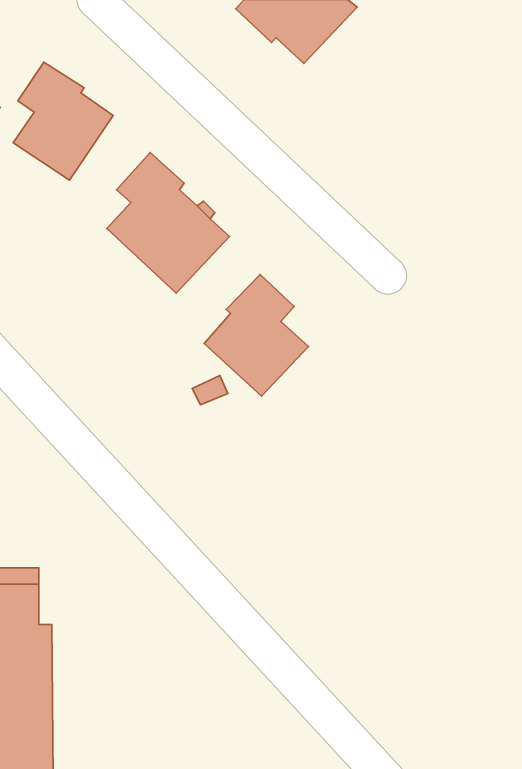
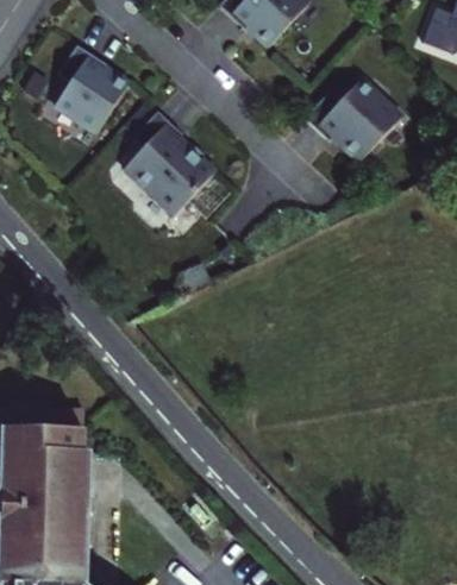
building: none -> [305,81,403,164]
building: [204,275,309,396] -> none

